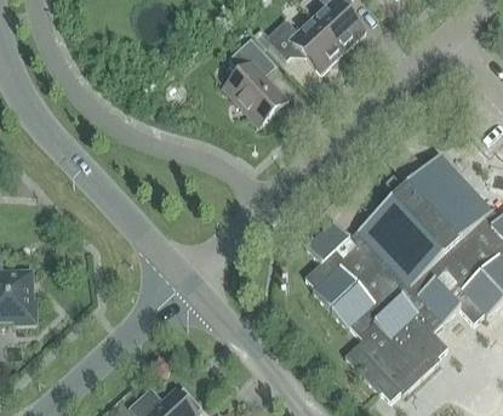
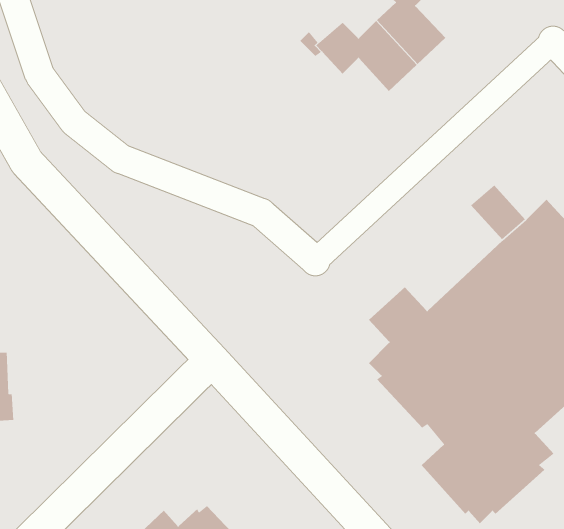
building: [224,38,286,126] -> none

